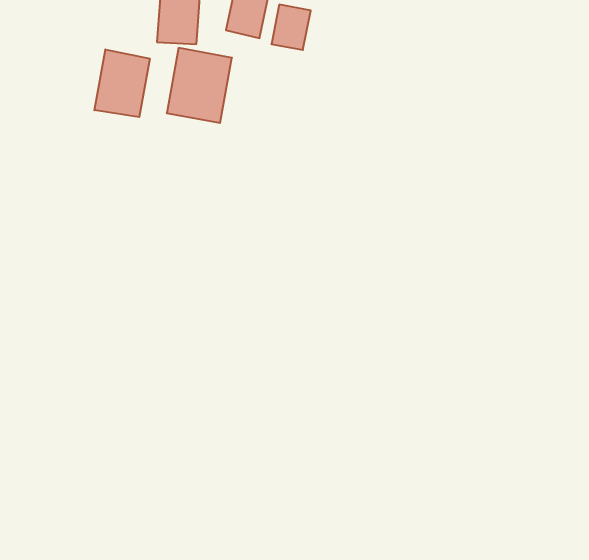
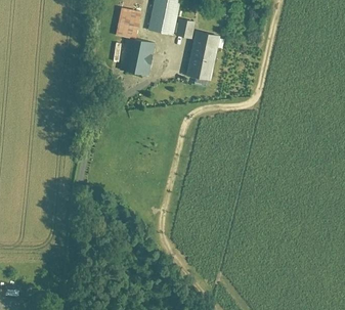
building: none -> [187,31,220,83]
building: [94,49,150,117] -> none

